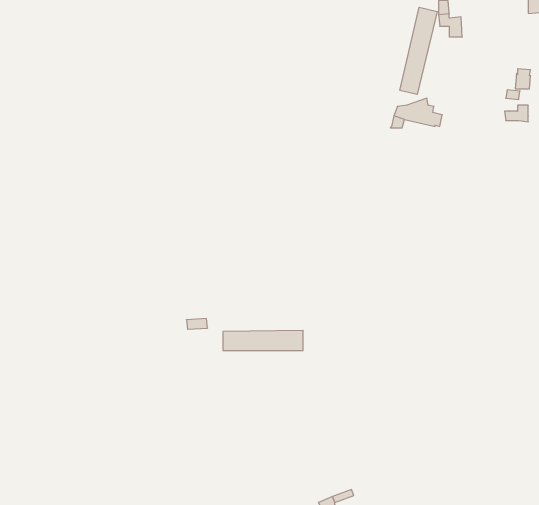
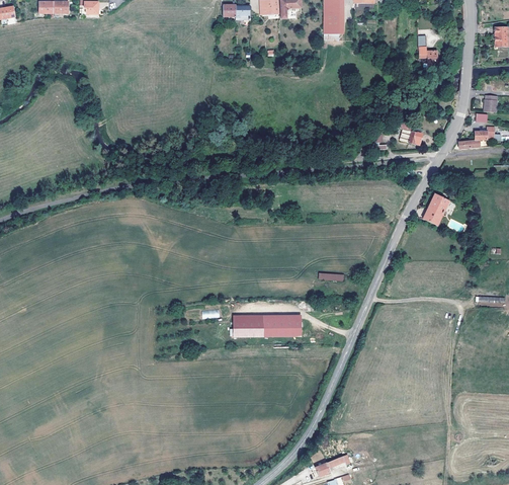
building: [400,7,437,94] -> none
building: none -> [423,192,449,224]

